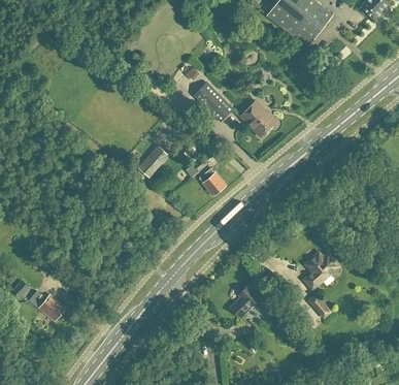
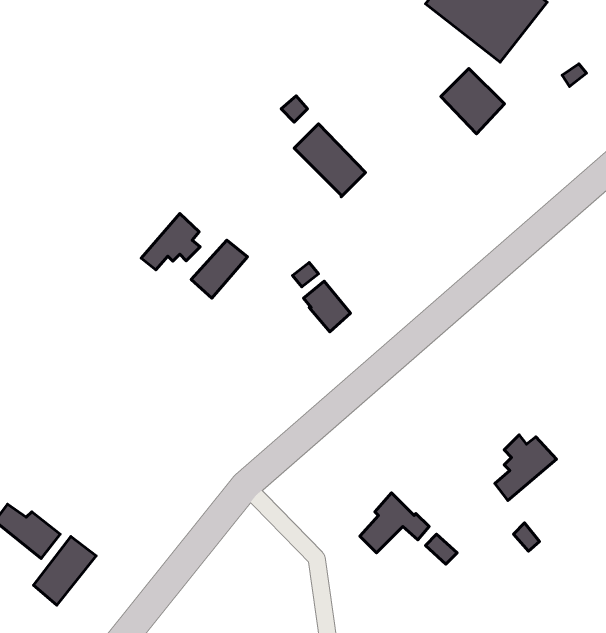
building: [240,101,275,137] -> [441,68,504,134]
building: none -> [141,214,200,270]
building: none -> [33,536,96,605]

